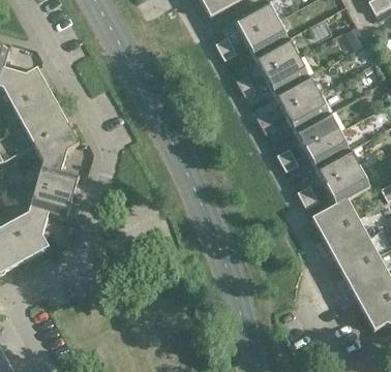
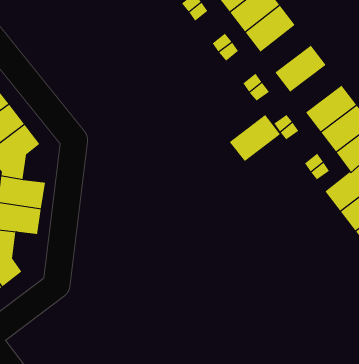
building: [275,75,319,113] -> none
building: [295,113,339,150] -> [229,114,281,162]

